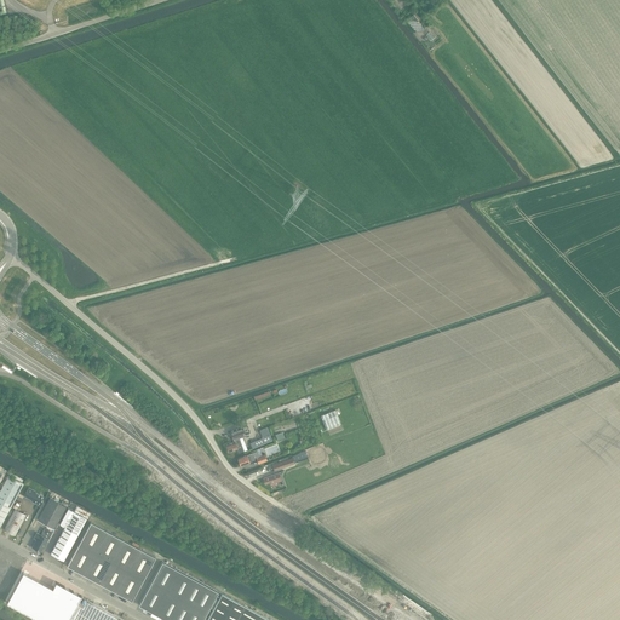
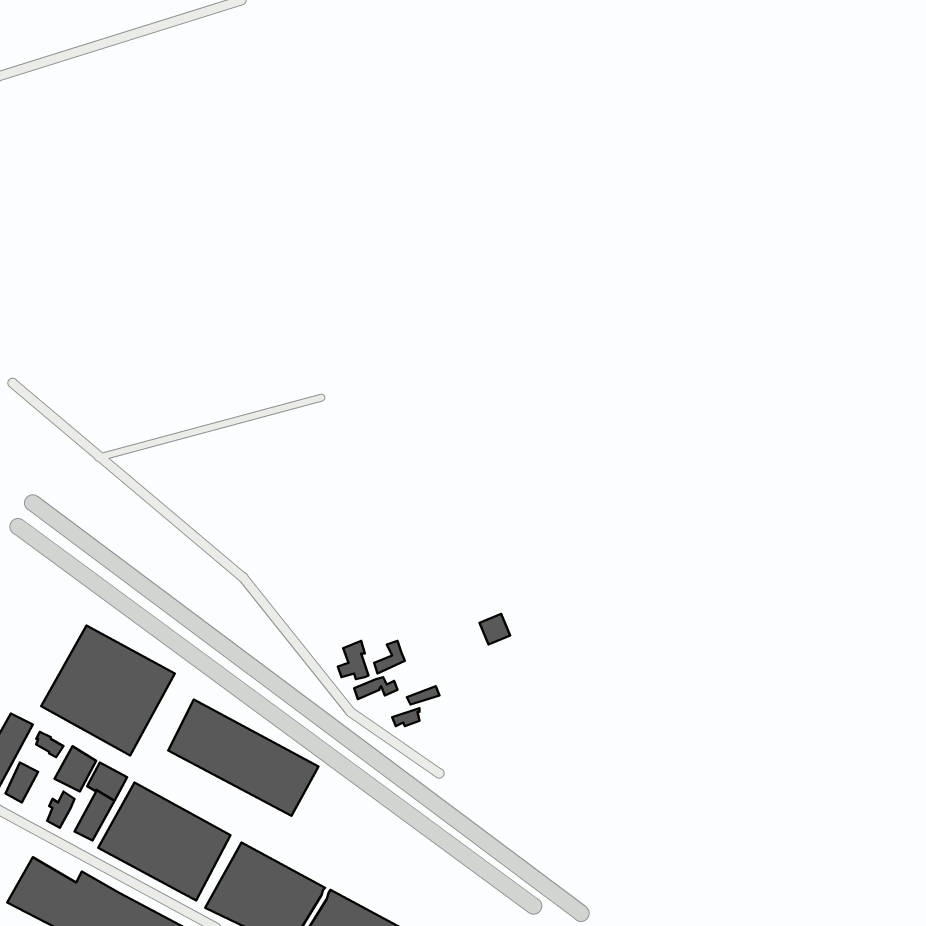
building: none -> [41,626,175,756]
building: none -> [168,700,319,816]

